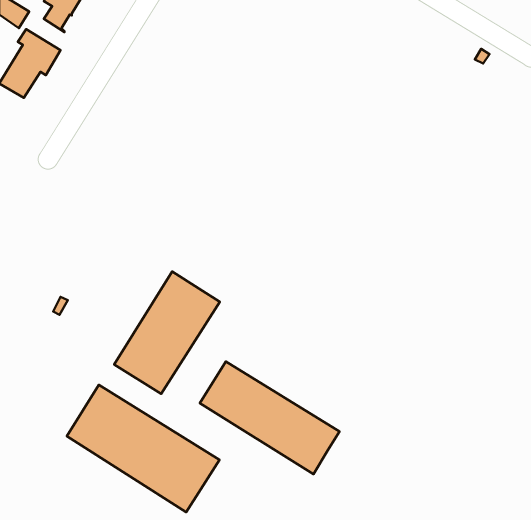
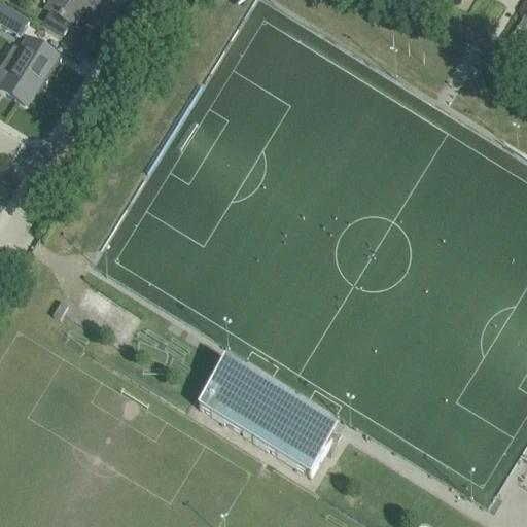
building: [114,271,220,394] -> none
building: [67,385,219,512] -> none

